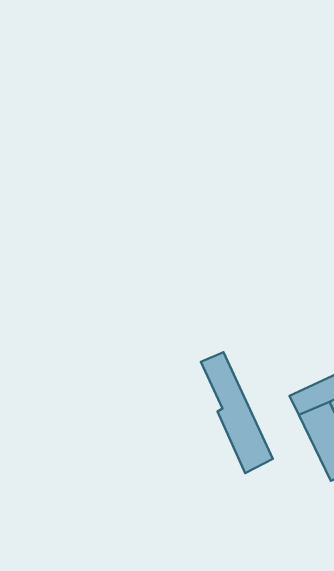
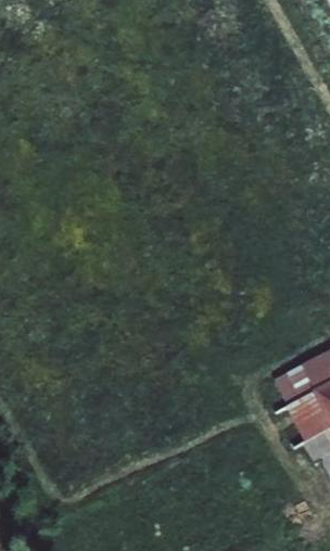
building: [201,352,273,473] -> none

